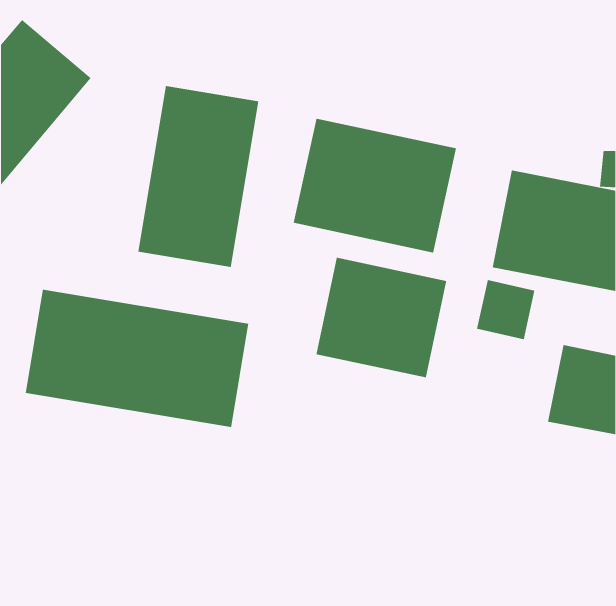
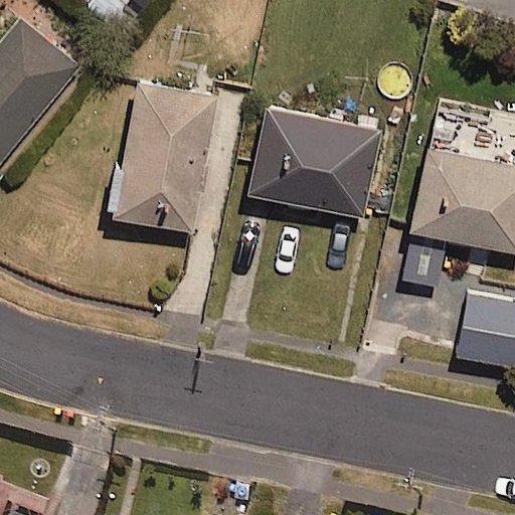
building: [316,257,447,378] -> none
building: [25,289,249,428] -> none

